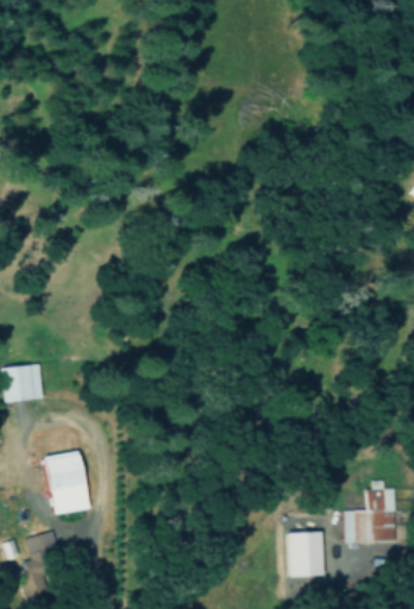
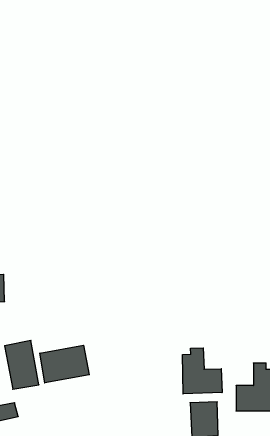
building: none -> [40,345,89,383]
building: none -> [183,348,222,394]

